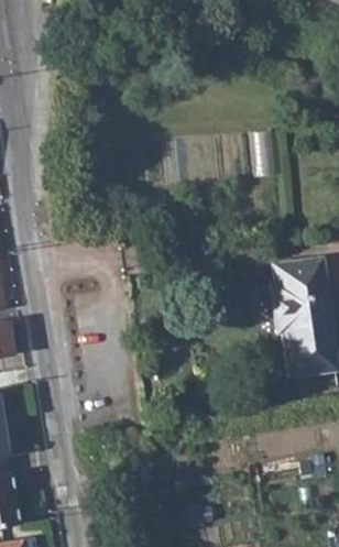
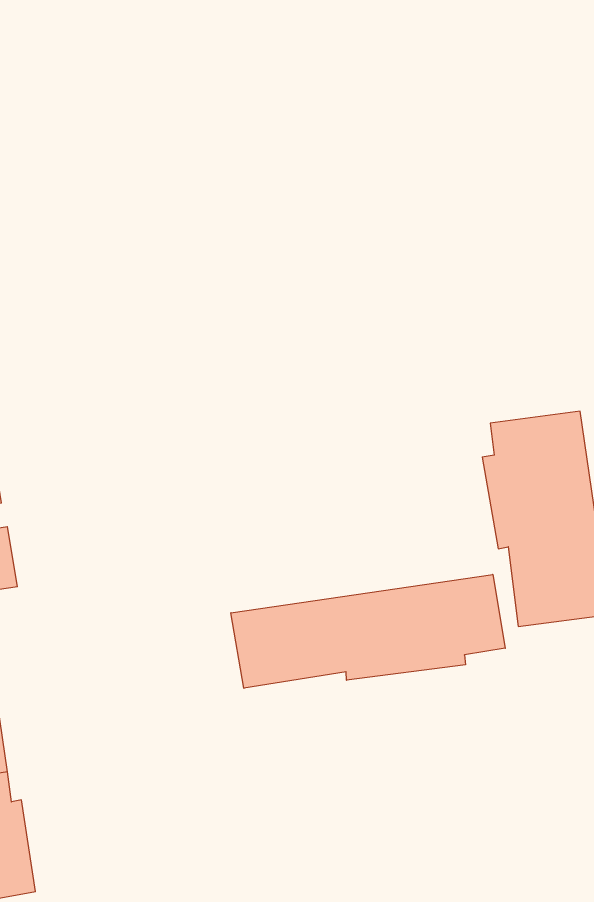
building: none -> [231,574,505,688]

